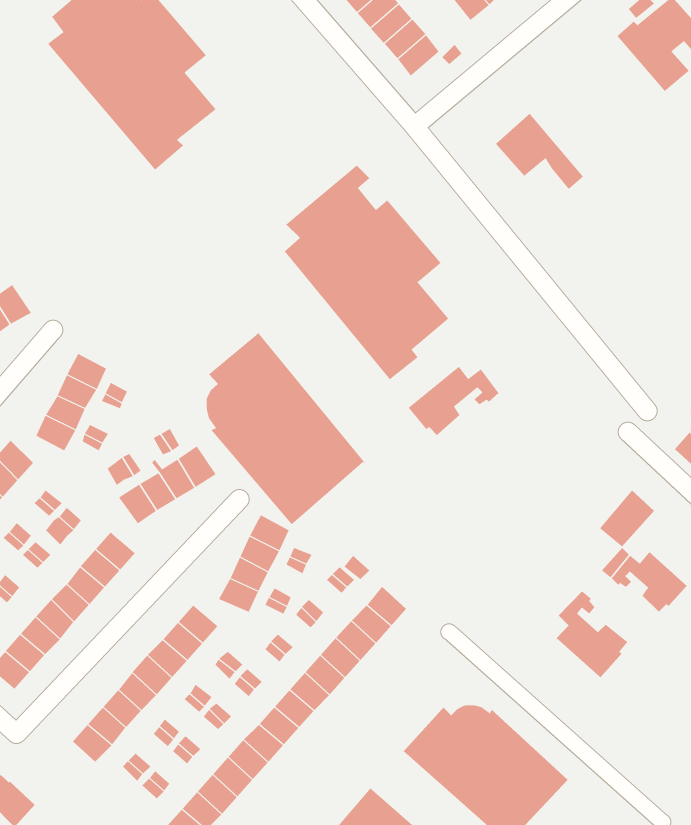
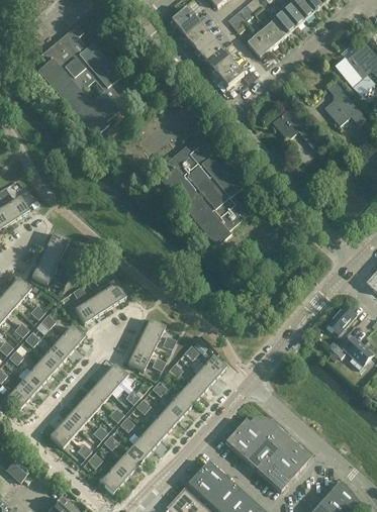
building: none -> [324,91,365,125]
building: [206,332,366,525] -> none
building: [408,366,499,436] -> none
building: [556,591,628,678] -> none

